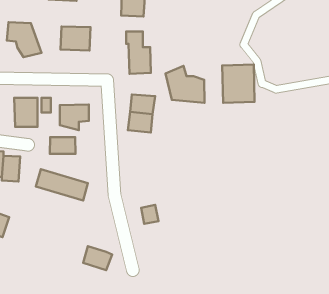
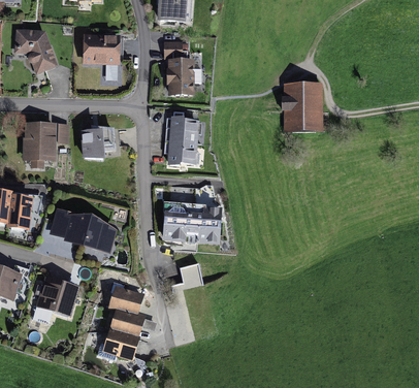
building: [166,66,204,103] -> none
building: [50,137,76,154] -> none
building: none -> [163,204,221,242]
building: none -> [35,276,78,314]
building: none -> [108,285,144,315]
building: none -> [102,328,138,358]

